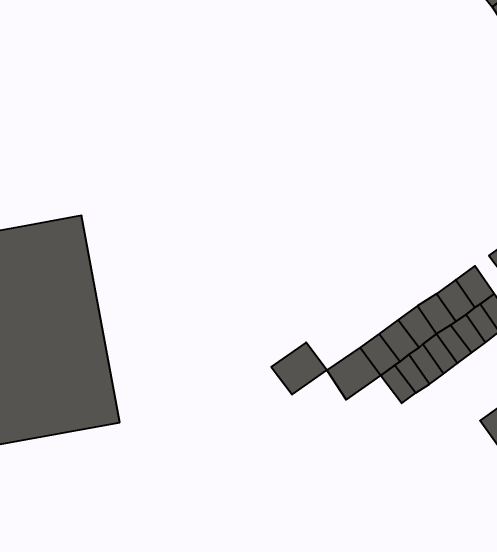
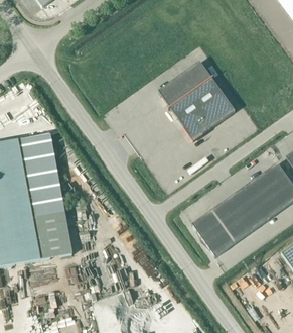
building: none -> [157,61,235,140]
building: [271,342,327,395] -> [202,226,235,256]

